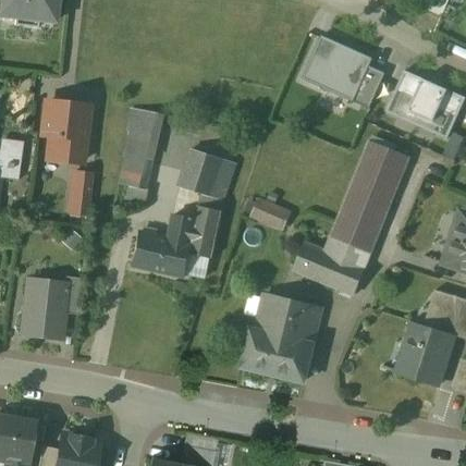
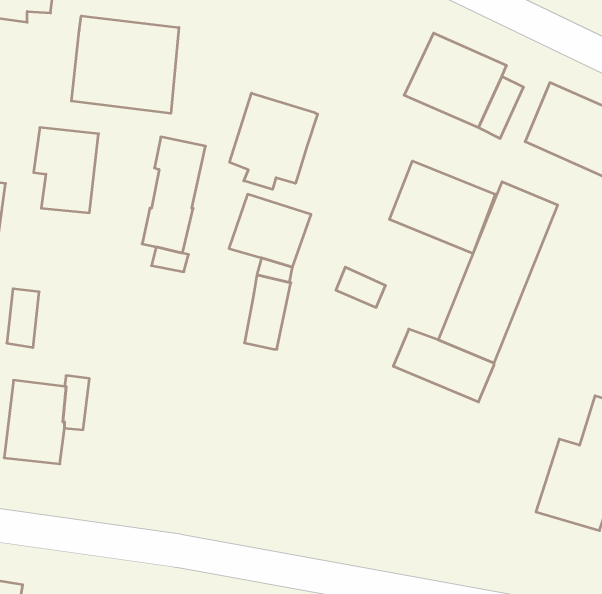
building: none -> [71,16,179,113]
building: none -> [230,93,318,189]
building: none -> [389,161,495,254]
building: [69,172,91,213] -> [7,289,39,348]
building: [131,213,210,275] -> none
building: [242,296,320,380] -> none

